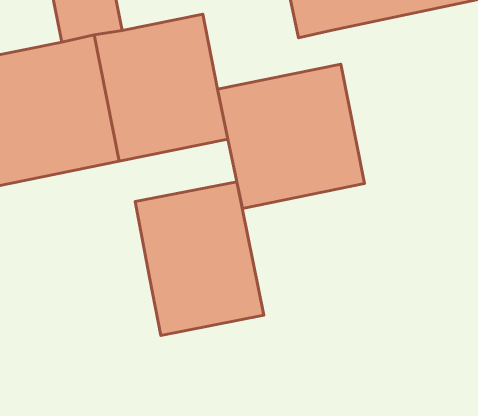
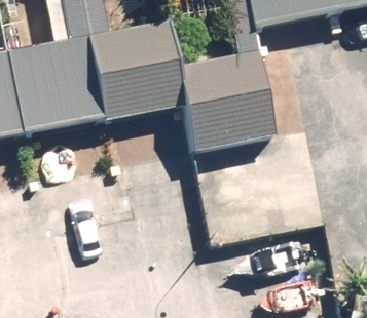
building: [135,182,264,335] -> none

